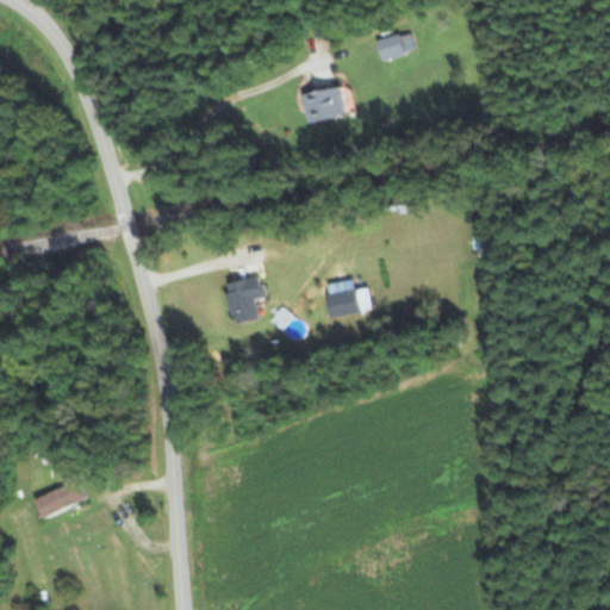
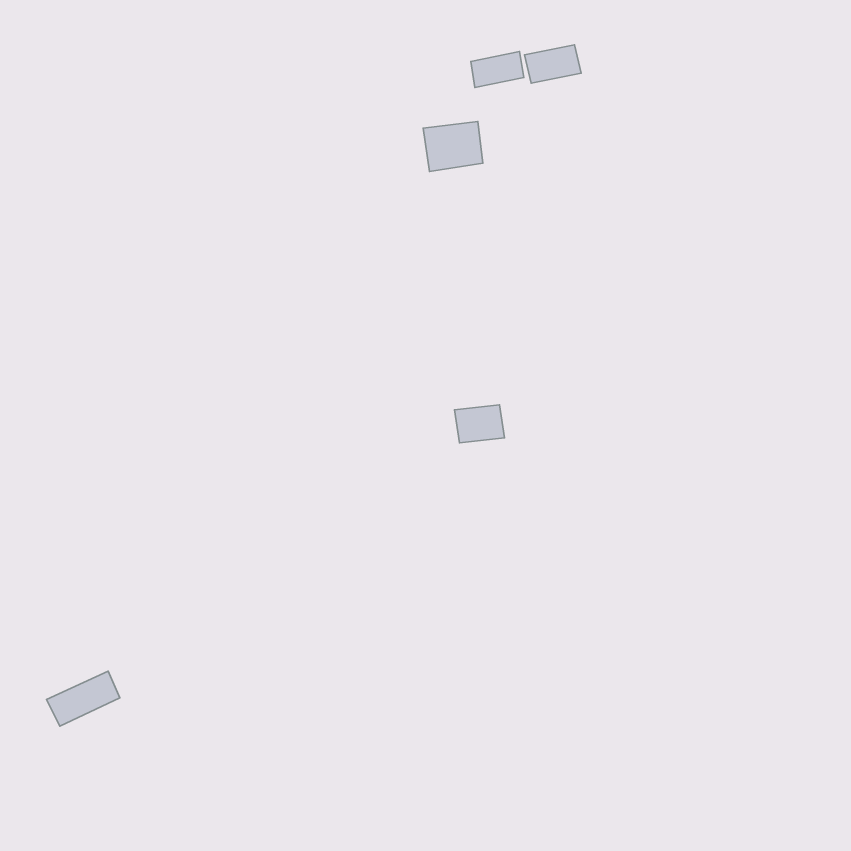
building: none -> [471,52,524,87]
building: [224,275,264,324] -> none

